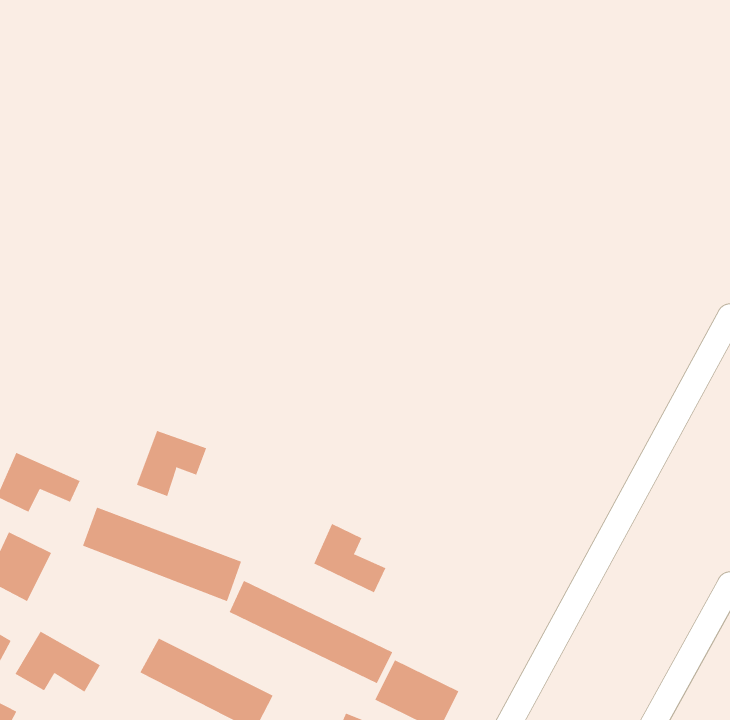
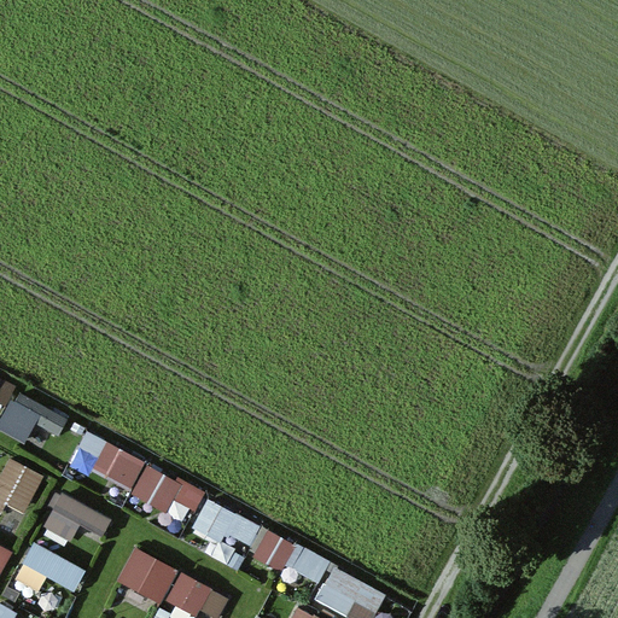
building: [136,430,207,497] -> none
building: [314,523,386,593] -> none
building: none -> [42,495,112,541]

